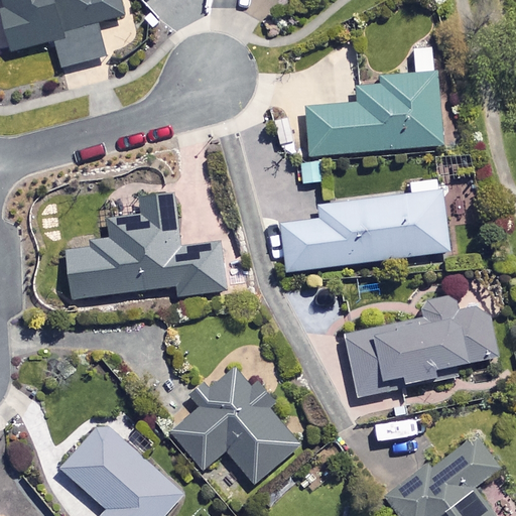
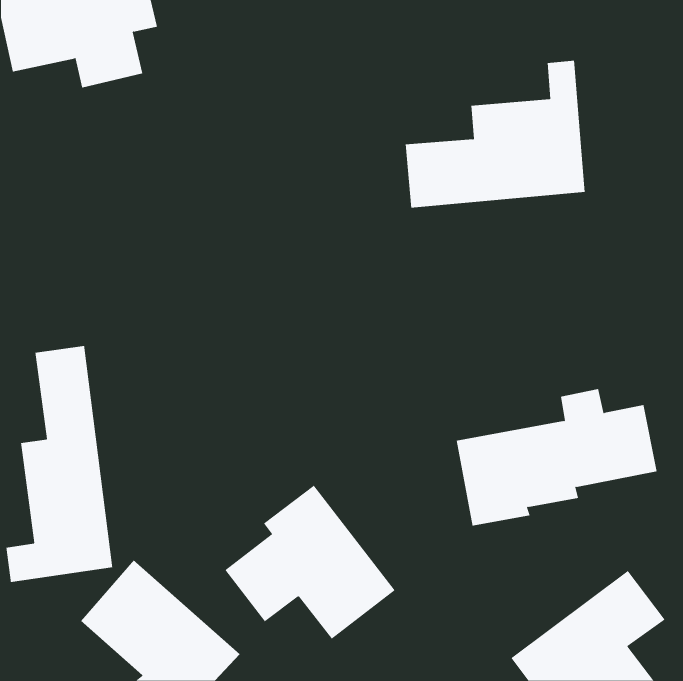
building: [281,180,447,273] -> none
building: [64,195,225,301] -> none
building: none -> [6,345,113,583]

